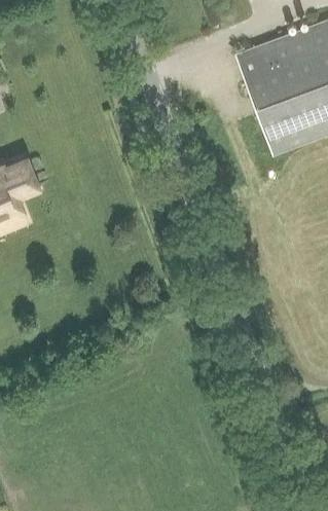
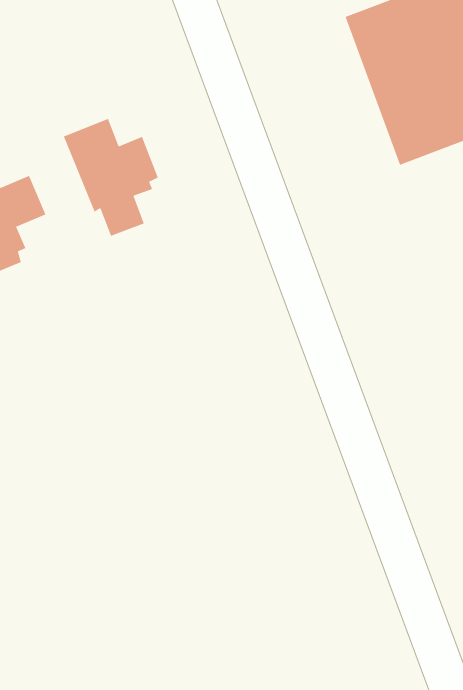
building: none -> [63,118,159,237]

